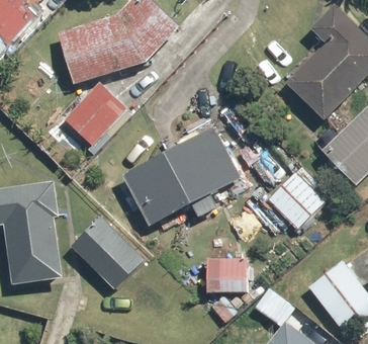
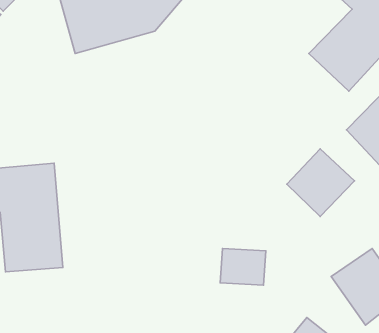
building: [63,82,124,144] -> none
building: [122,126,240,226] -> none
building: [67,213,144,289] -> none

